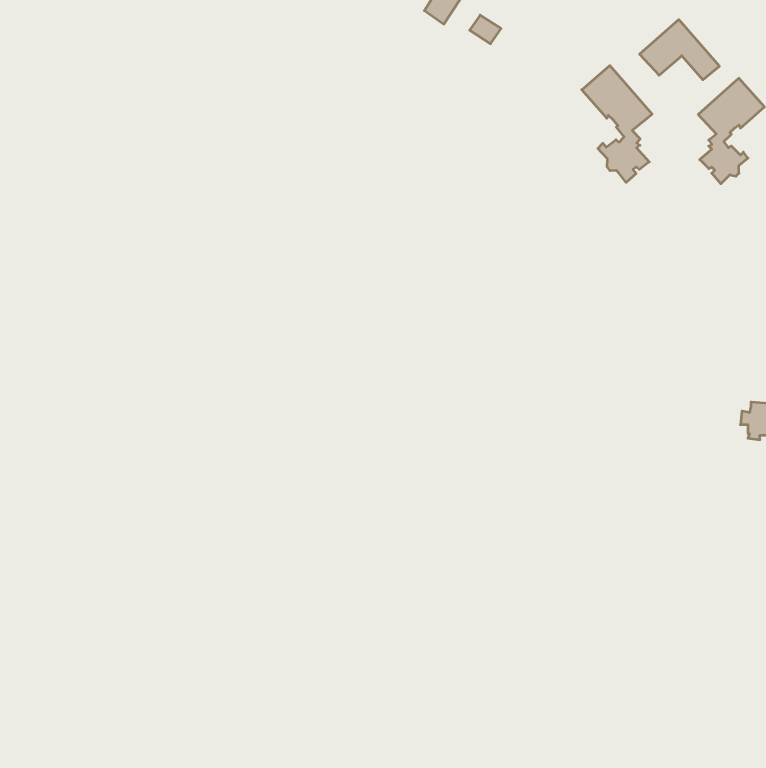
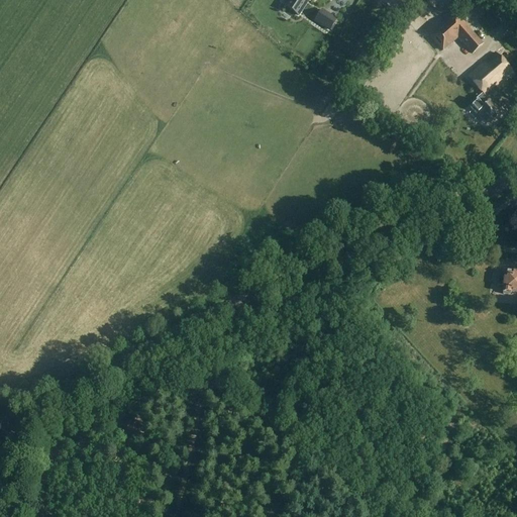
building: [582,66,652,182] -> none

